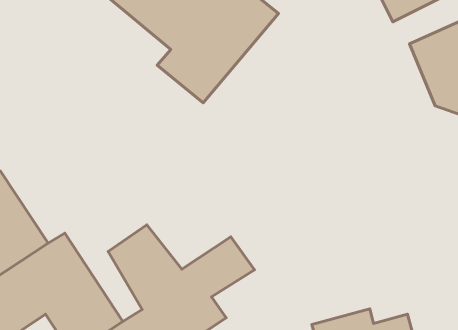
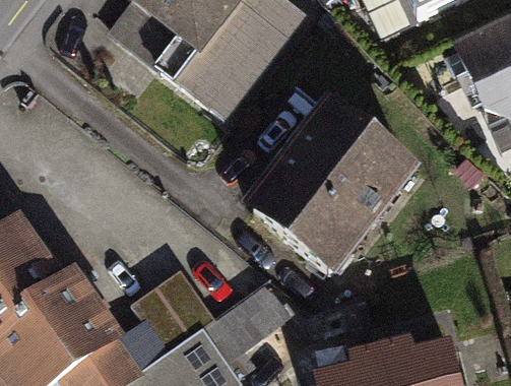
building: none -> [243,127,408,300]

